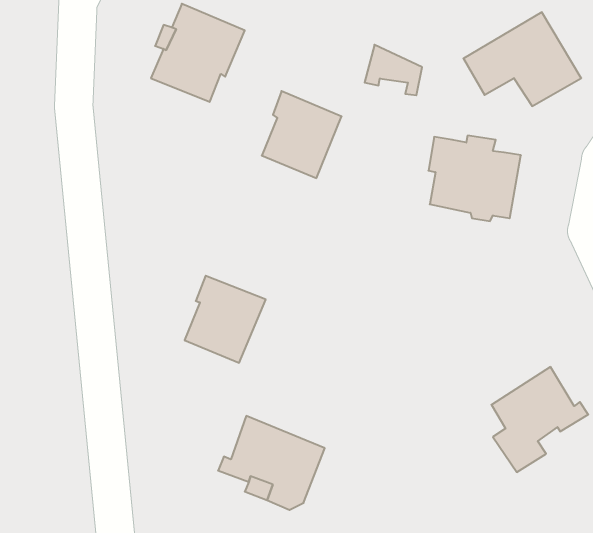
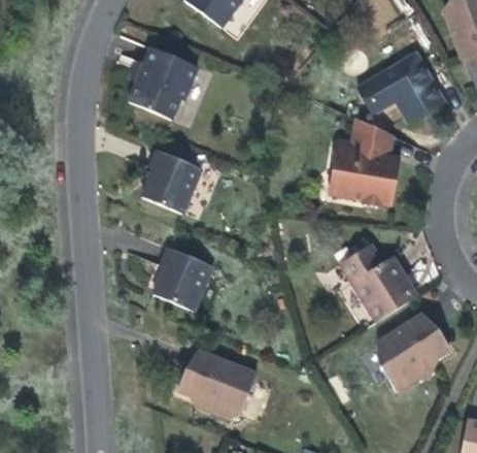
building: [365,45,422,95] -> [349,119,391,156]
building: [262,91,342,178] -> [142,150,201,214]
building: none -> [340,244,416,321]

